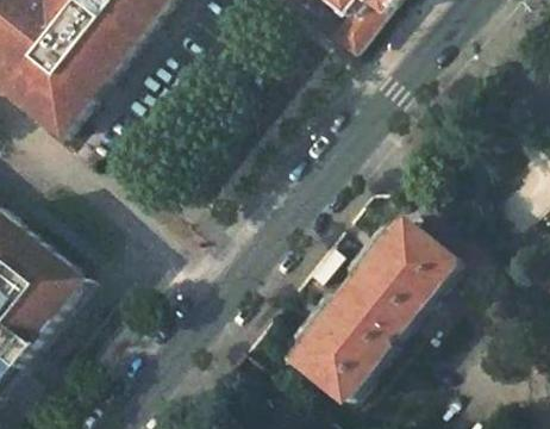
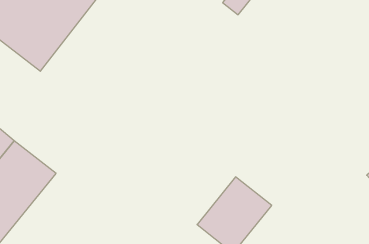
building: [345,219,452,330] -> none

